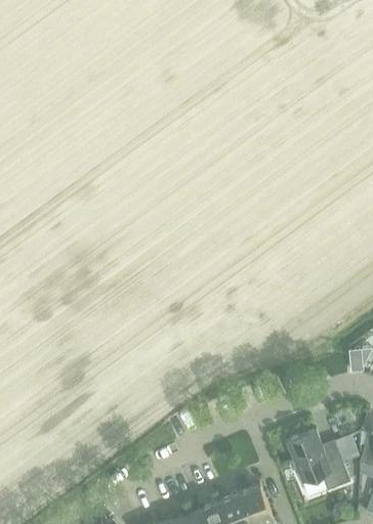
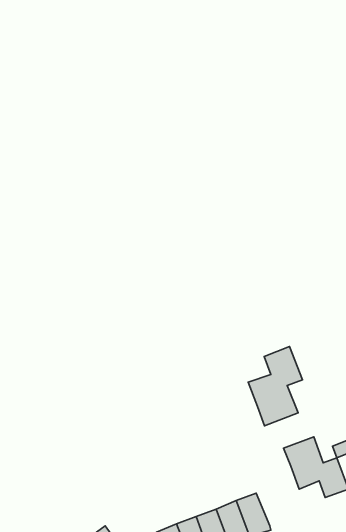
building: none -> [248,347,303,426]

